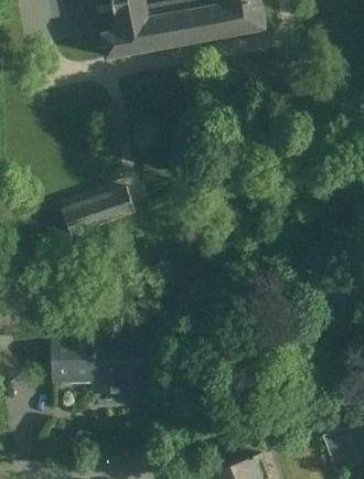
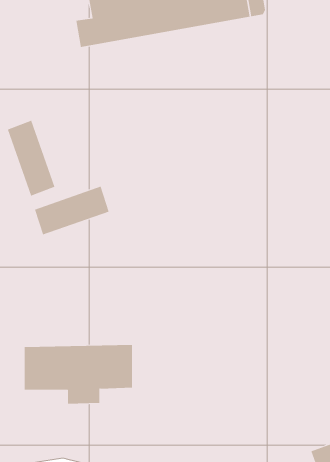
building: none -> [7,120,55,197]

